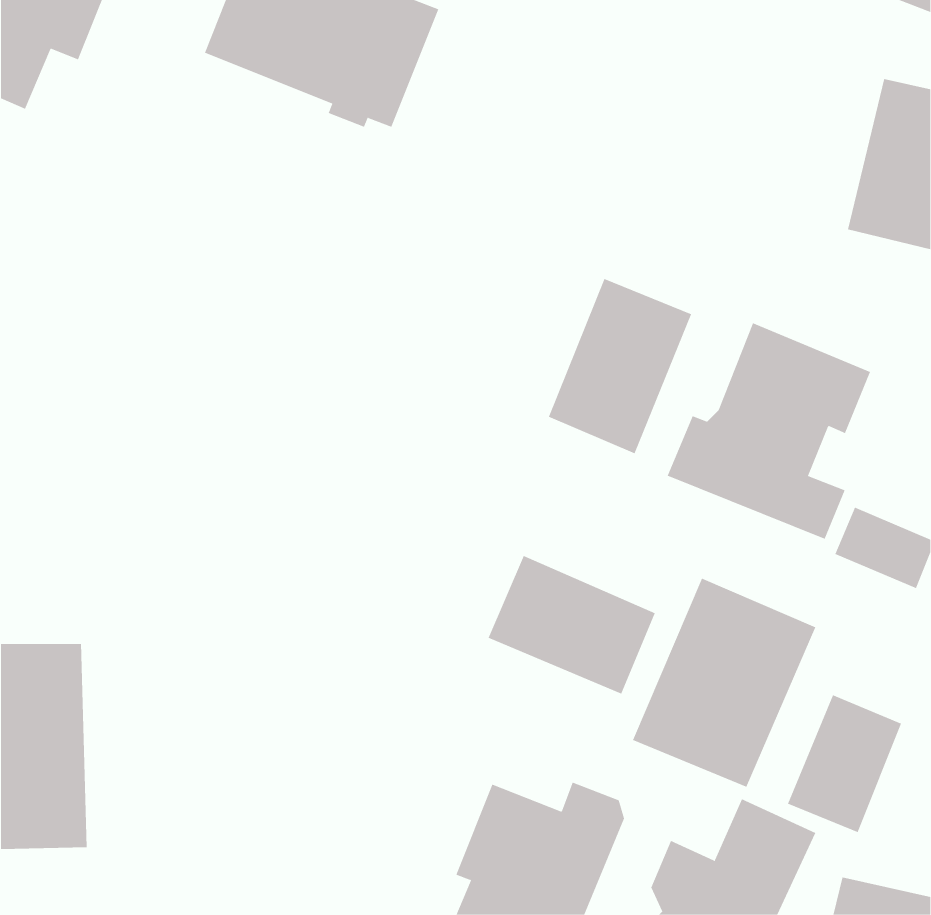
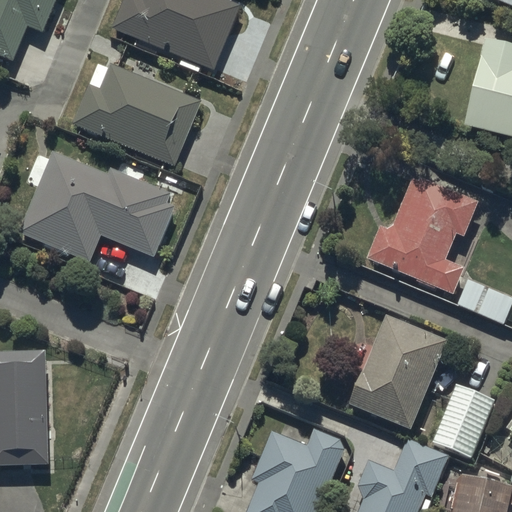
building: none -> [74,60,201,165]
building: none -> [19,151,176,261]
building: [548,278,692,454] -> none
building: [488,555,655,694] -> none

